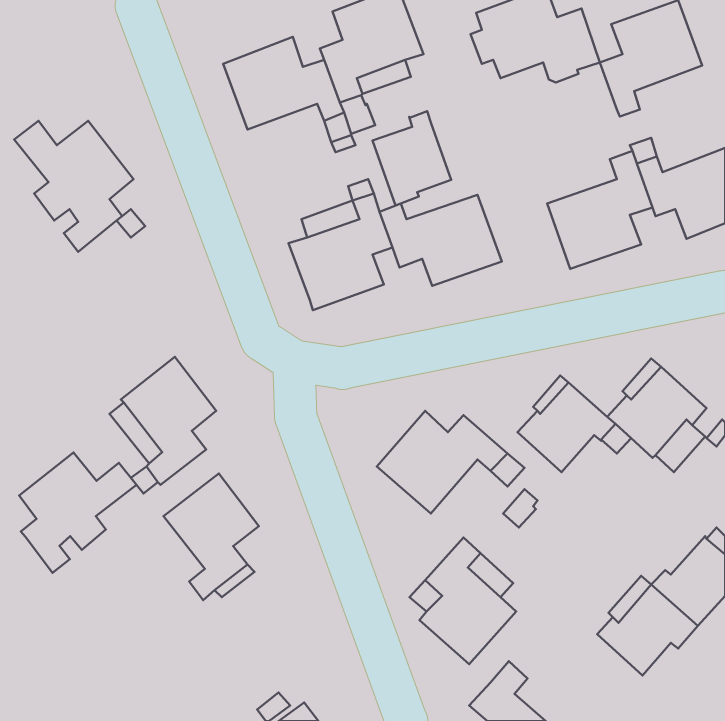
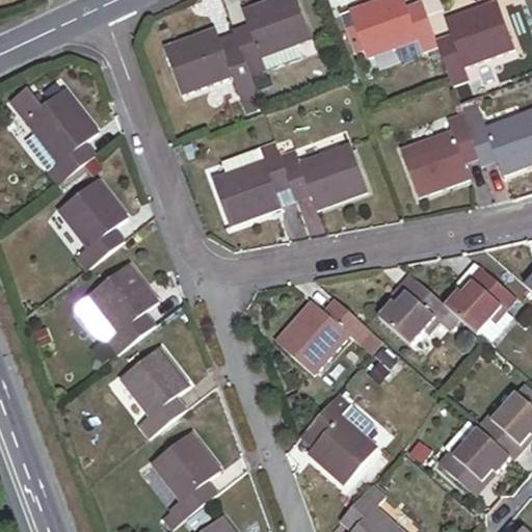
building: [372,111,451,205] -> none
building: none -> [57,178,127,269]
building: [19,452,136,573] -> none
building: none -> [152,431,220,523]

